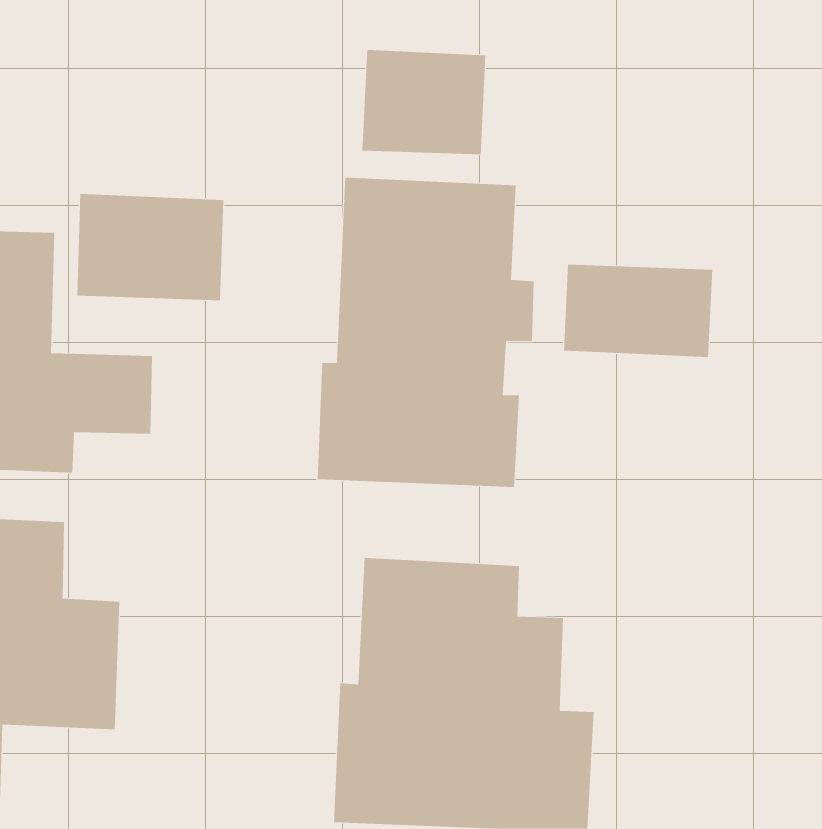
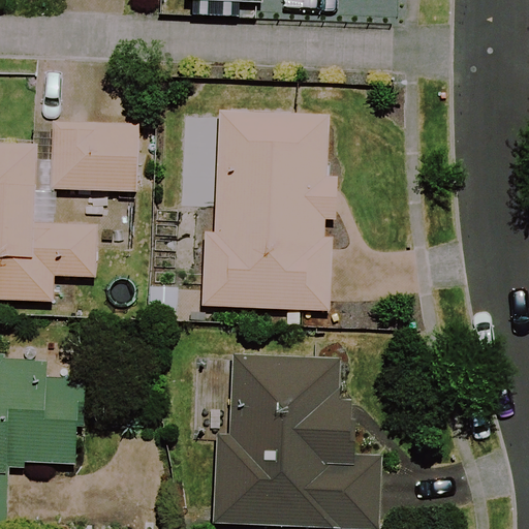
building: [362,49,486,155] -> none
building: [563,264,713,358] -> none

